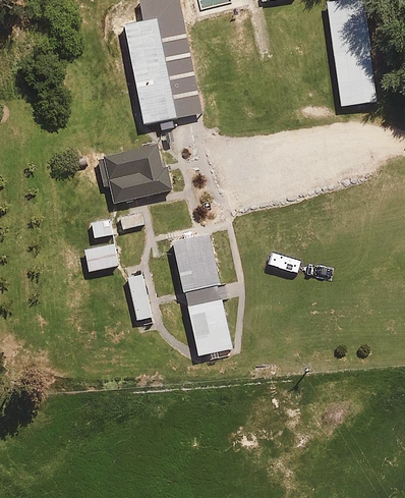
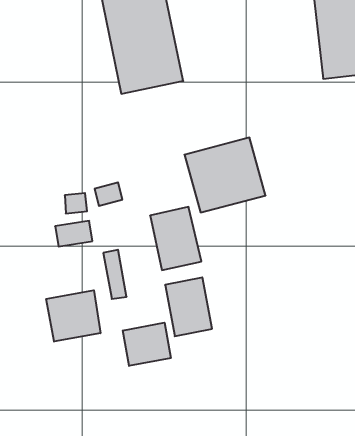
building: [100,139,177,210] -> [184,138,266,212]
building: none -> [46,290,100,342]
building: none -> [123,323,171,366]

